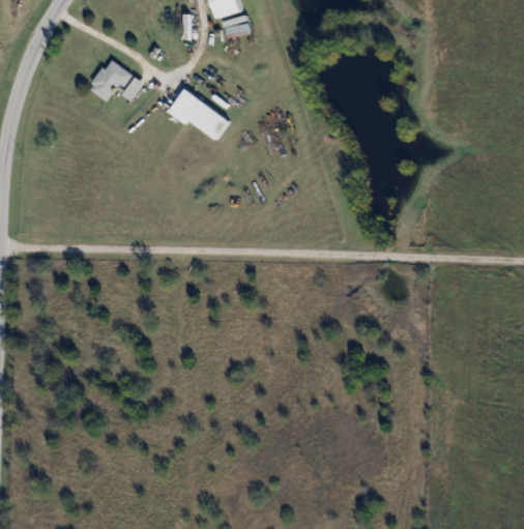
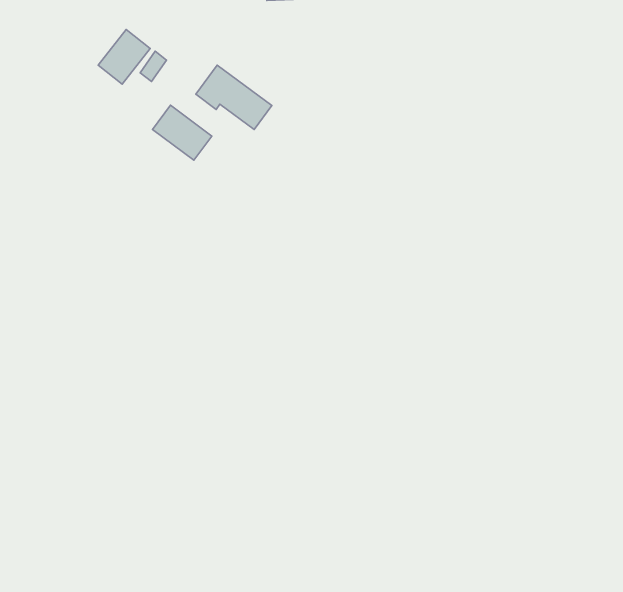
building: none -> [152,105,212,160]

